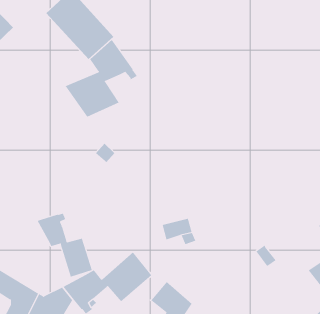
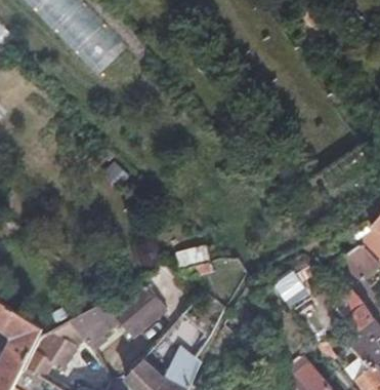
building: [65,39,138,117] -> none
building: [37,213,93,277] -> none

